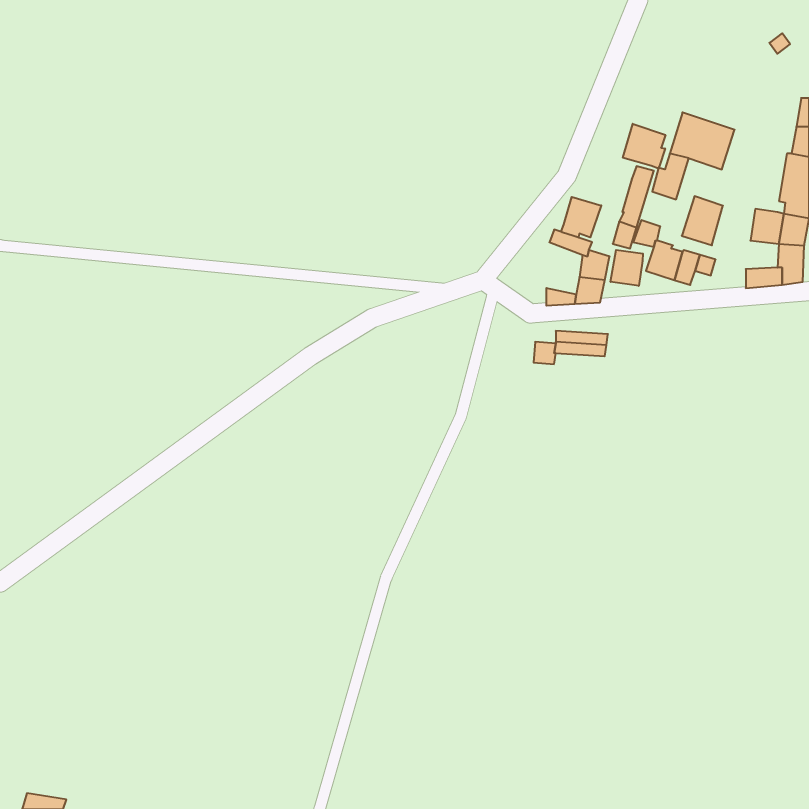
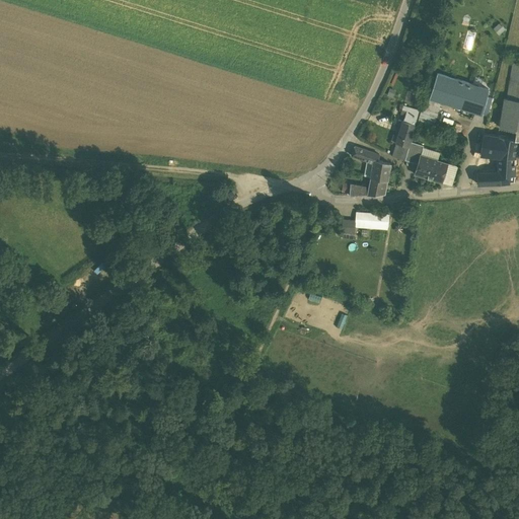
building: [623,124,665,168] -> none
building: [682,196,723,245] -> [462,83,489,115]
building: [561,197,601,238] -> none
building: [611,250,643,286] -> none

